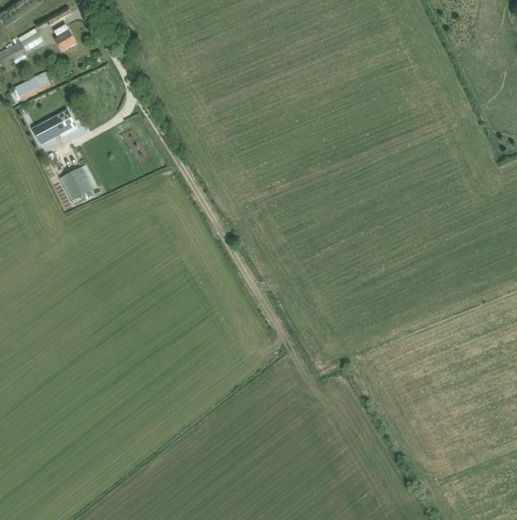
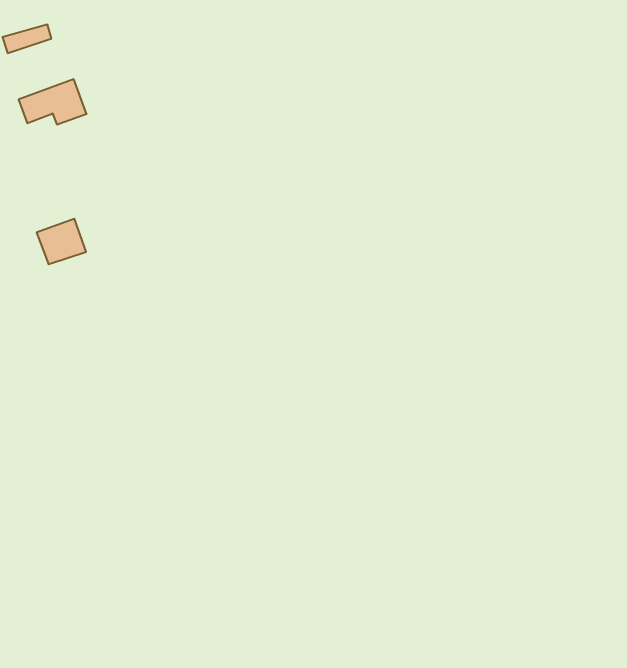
building: [59,165,94,198] -> [37,219,86,264]

